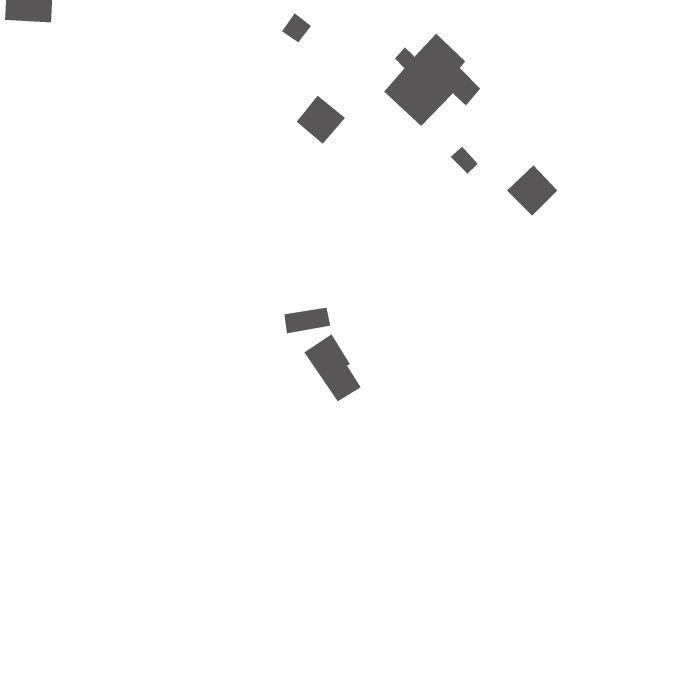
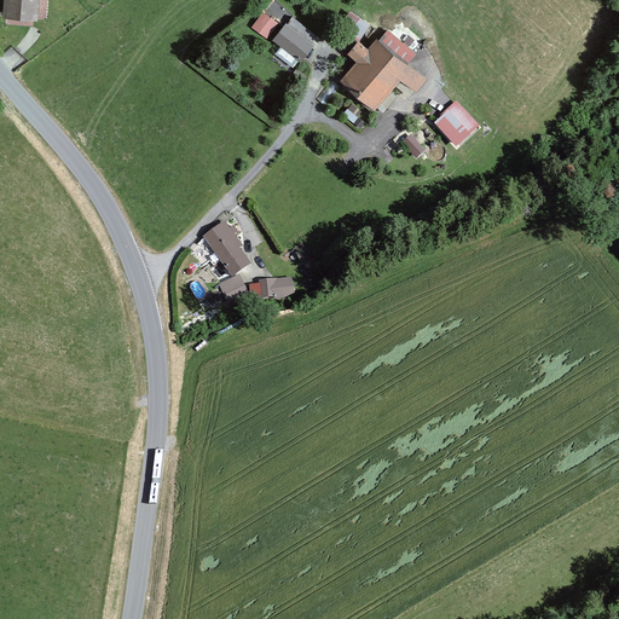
building: [296,94,346,145] -> [273,15,318,59]
building: [506,165,558,217] -> [433,103,479,149]
building: [303,333,362,403] -> [199,220,251,282]

